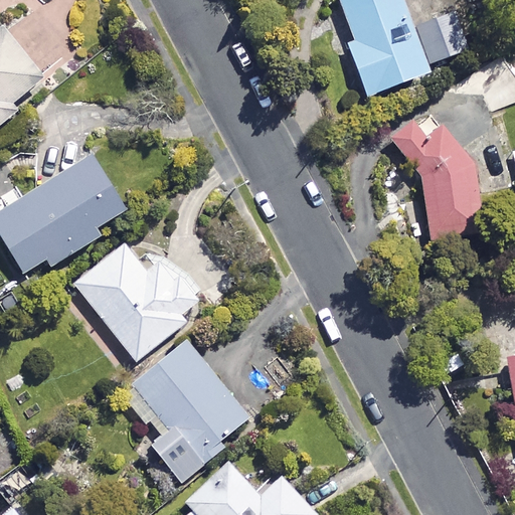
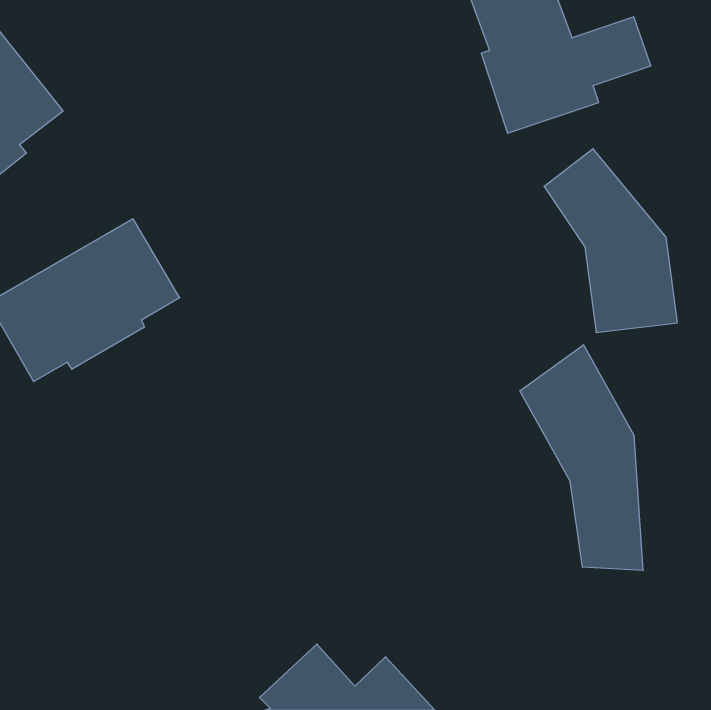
building: [74,230,202,361] -> none
building: none -> [520,345,643,571]
building: [124,341,254,481] -> none

